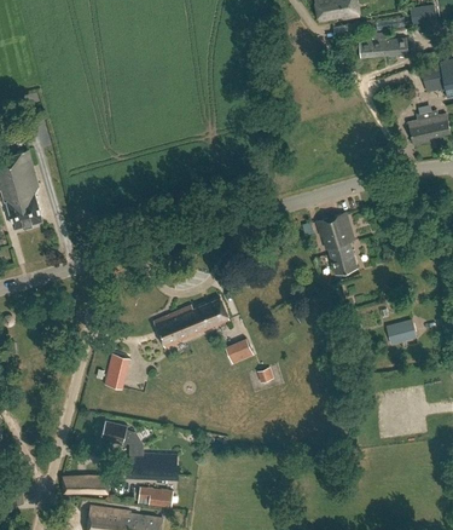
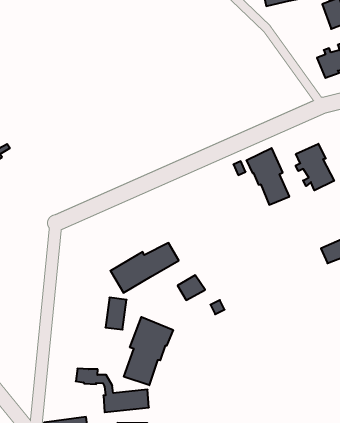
building: none -> [296,144,334,190]
building: [104,352,130,388] -> [105,298,127,330]
building: none -> [124,317,173,385]

